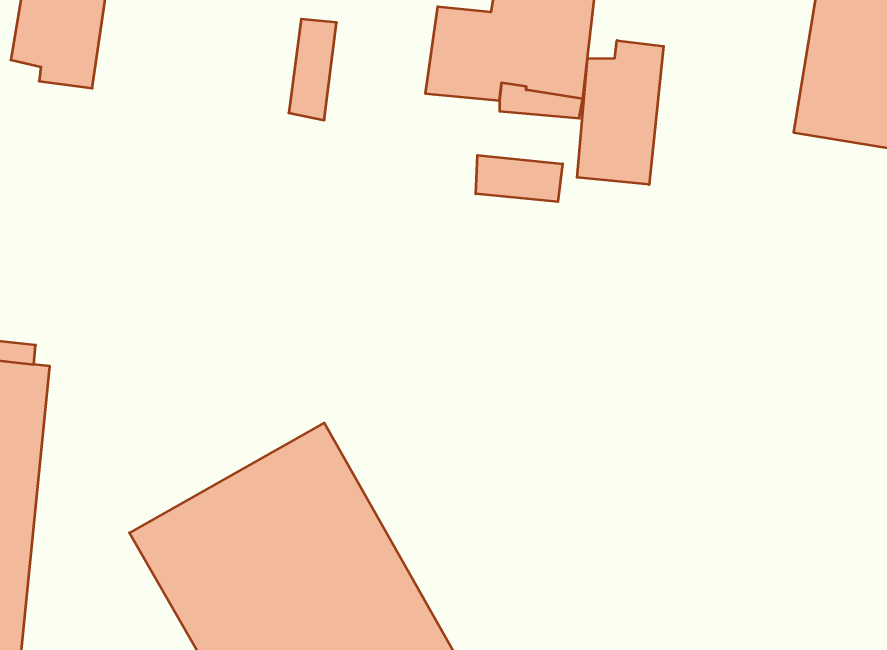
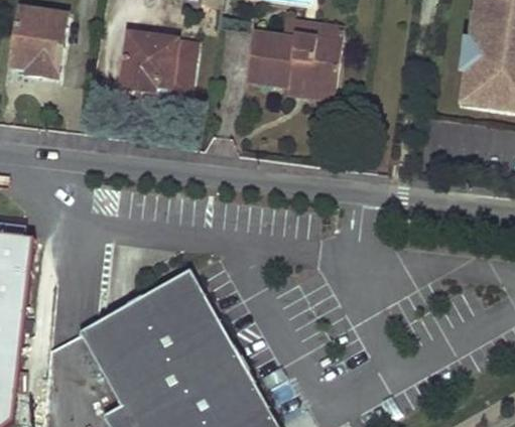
building: none -> [120,34,176,94]
building: [577,40,664,185] -> none
building: [476,155,563,202] -> none

